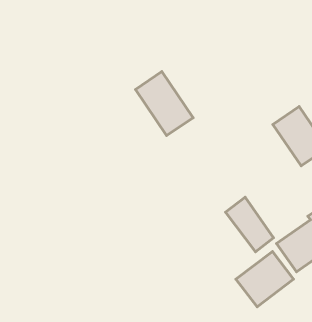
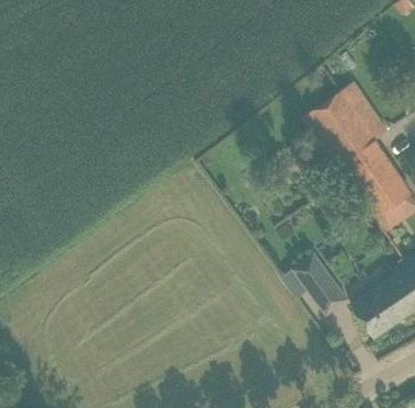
building: [135,71,193,136] -> [314,93,381,168]
building: [236,252,294,307] -> none

